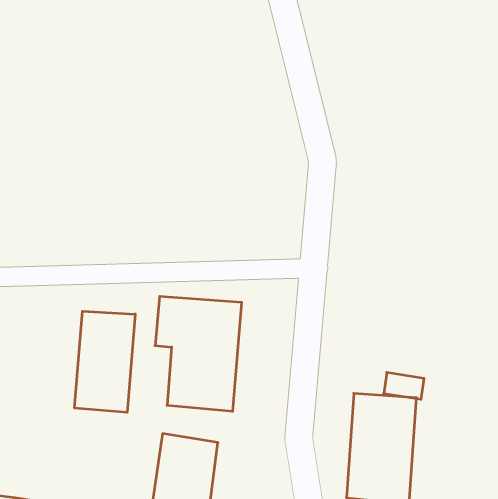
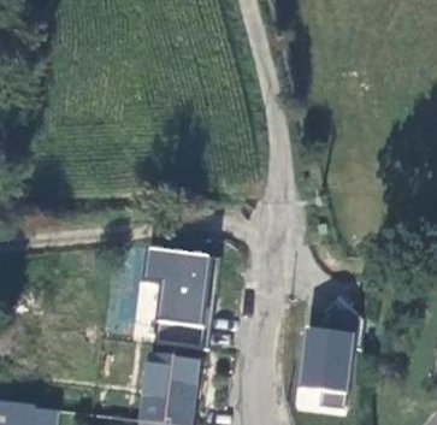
building: [75,311,135,412] -> none

